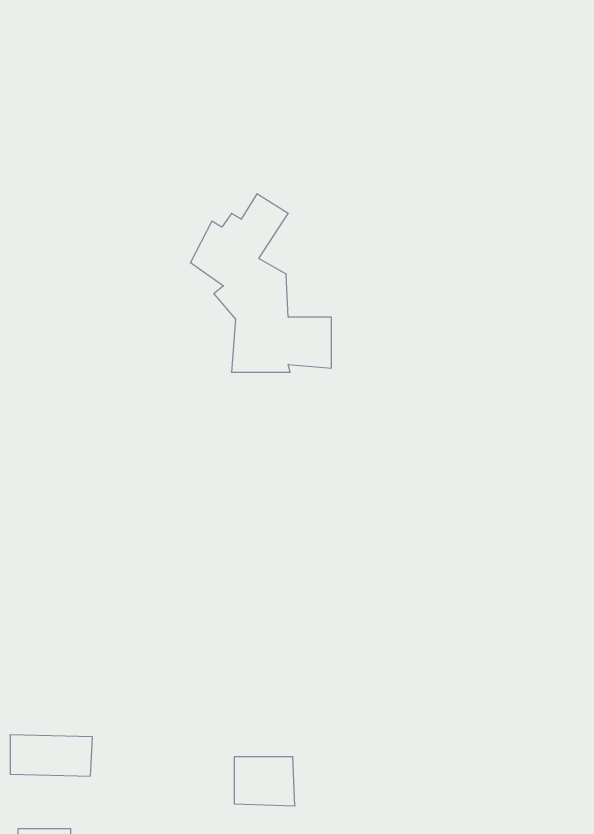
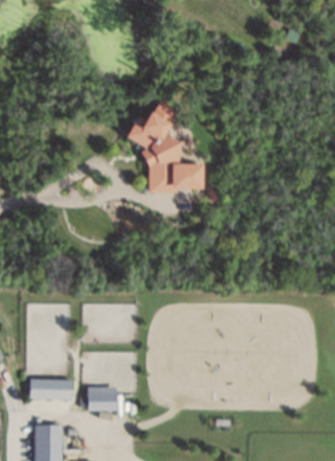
building: [234,757,295,806] -> [89,387,120,412]

